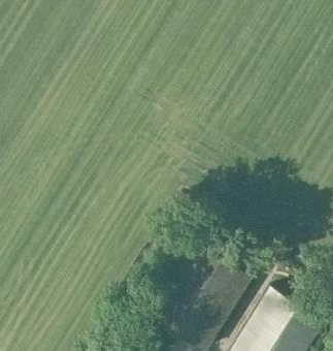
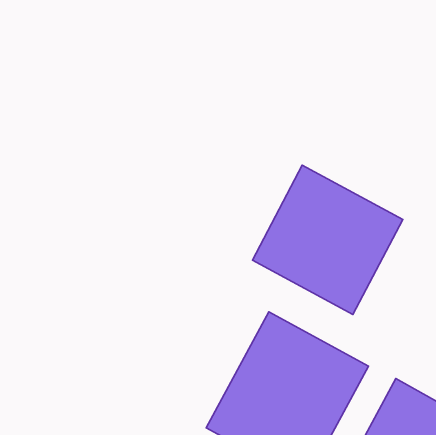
building: none -> [252,165,403,314]

